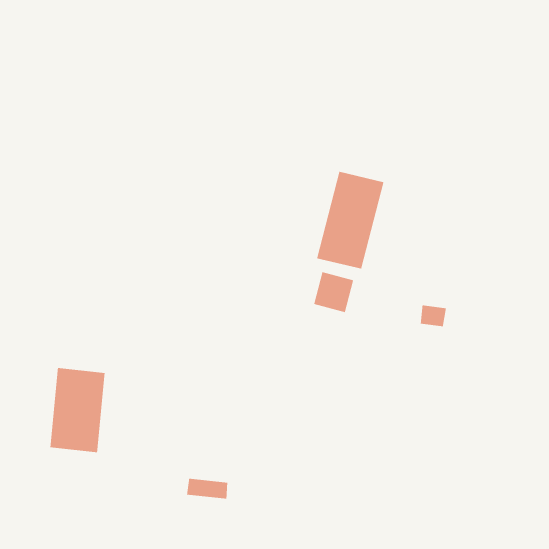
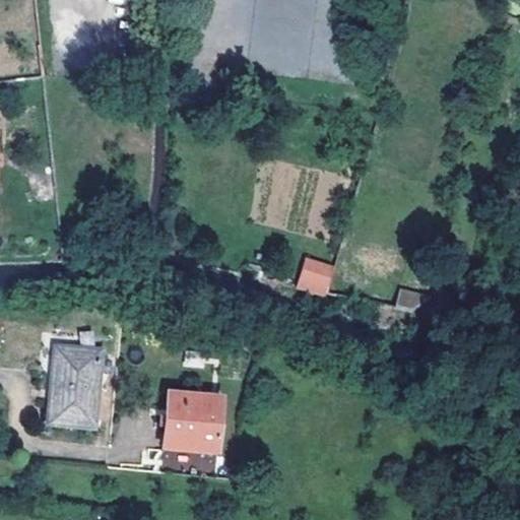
building: [316,171,385,270] -> none
building: none -> [162,392,222,452]

